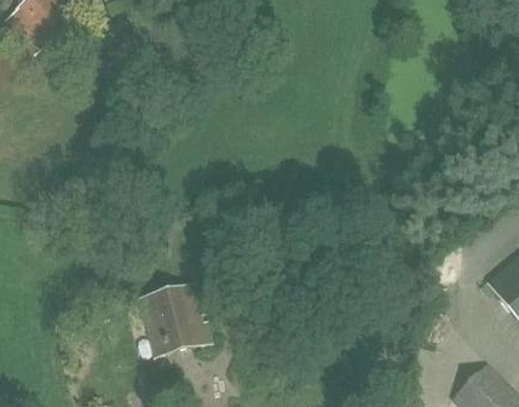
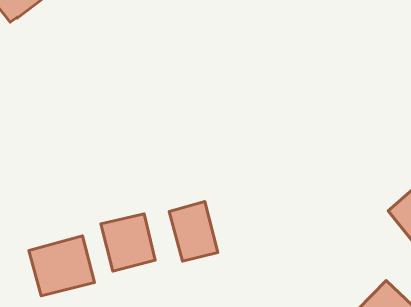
building: none -> [169,201,218,261]
building: none -> [29,236,95,296]

